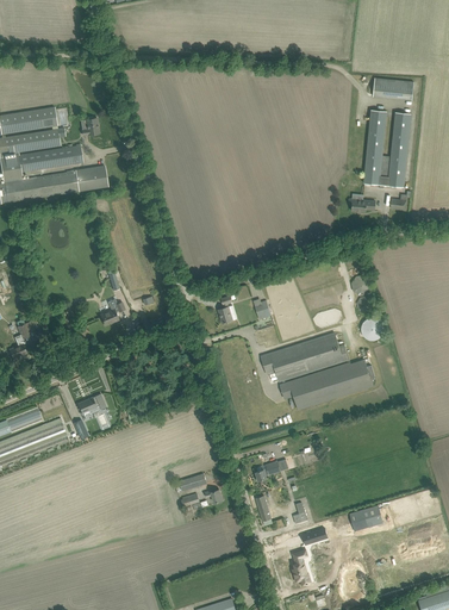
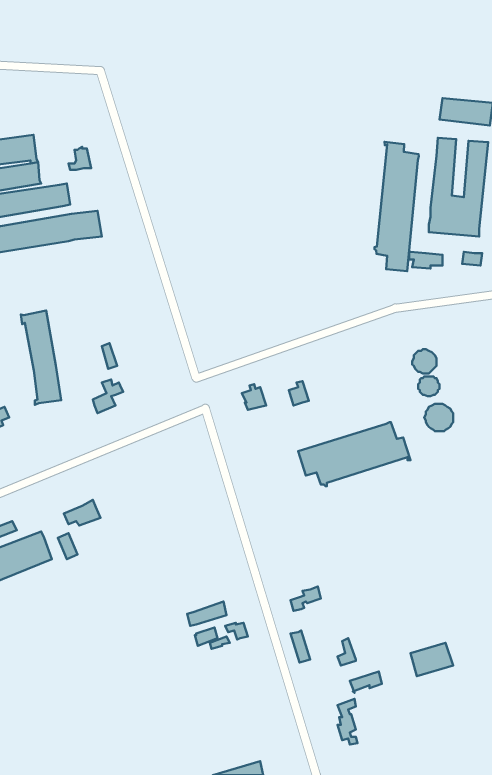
building: none -> [374,142,419,271]
building: none -> [21,310,61,405]
building: [280,359,375,410] -> none

